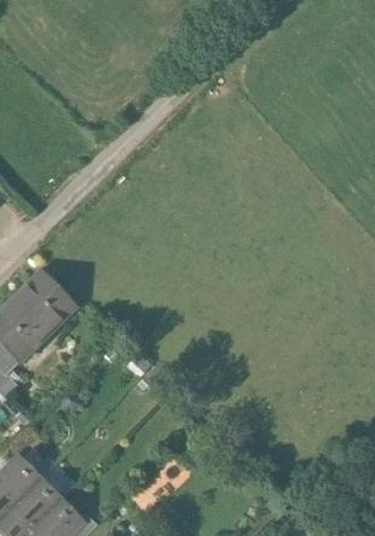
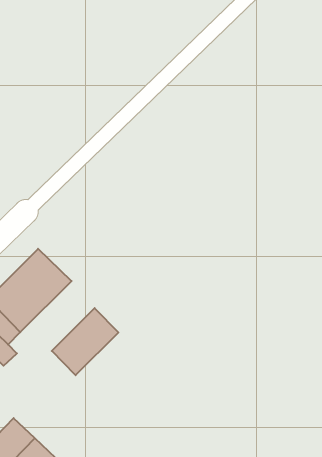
building: none -> [52,308,118,375]

